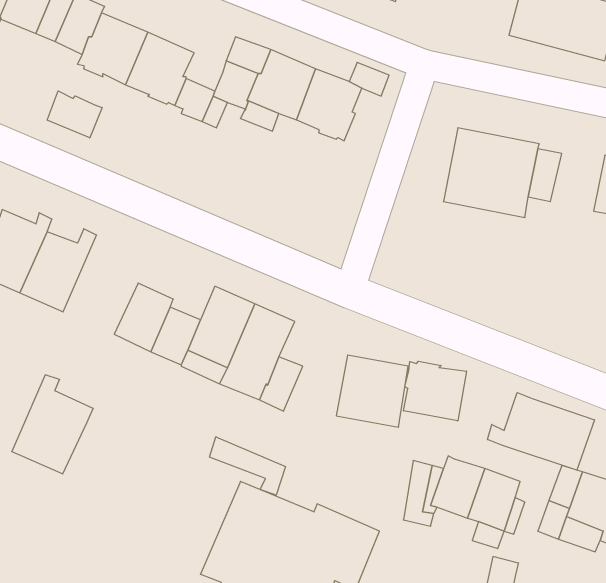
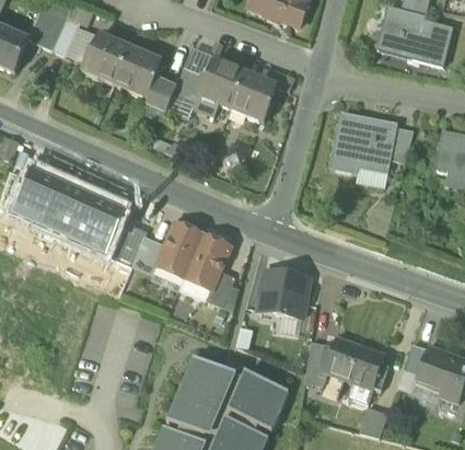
building: [47,91,102,138] -> none
building: [404,361,466,421] -> none
building: [12,375,93,474] -> [72,186,128,254]
building: [488,393,594,470] -> none
building: [210,437,286,495] -> none

